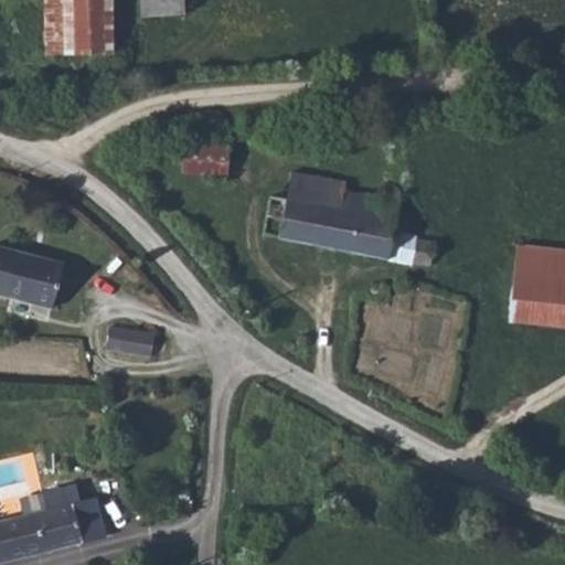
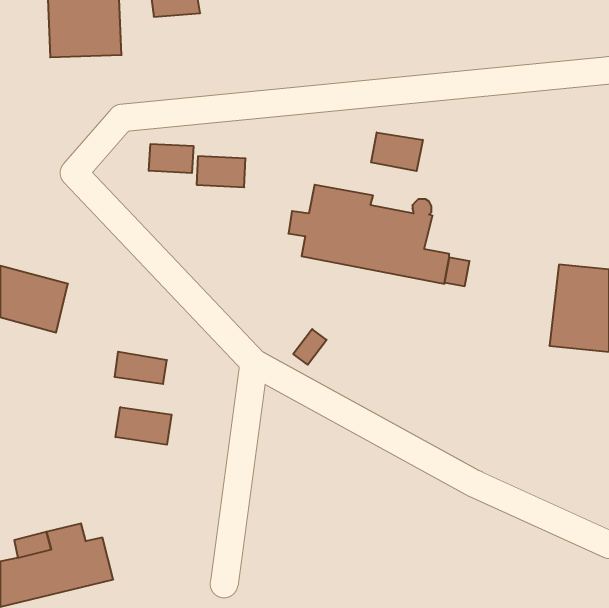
building: none -> [371,132,423,171]
building: none -> [149,144,193,173]
building: none -> [116,407,172,445]

